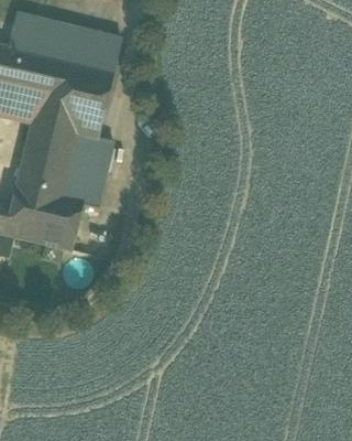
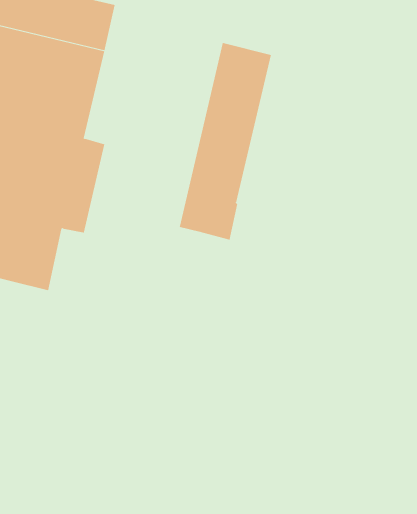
building: none -> [179,42,272,241]

